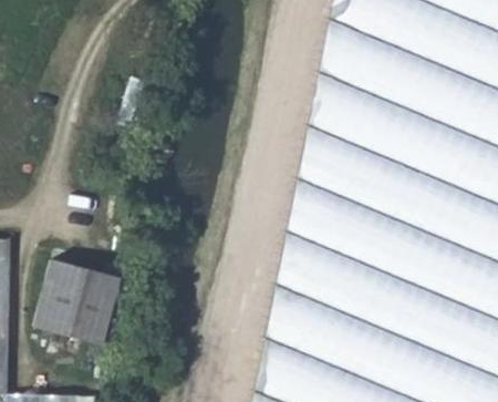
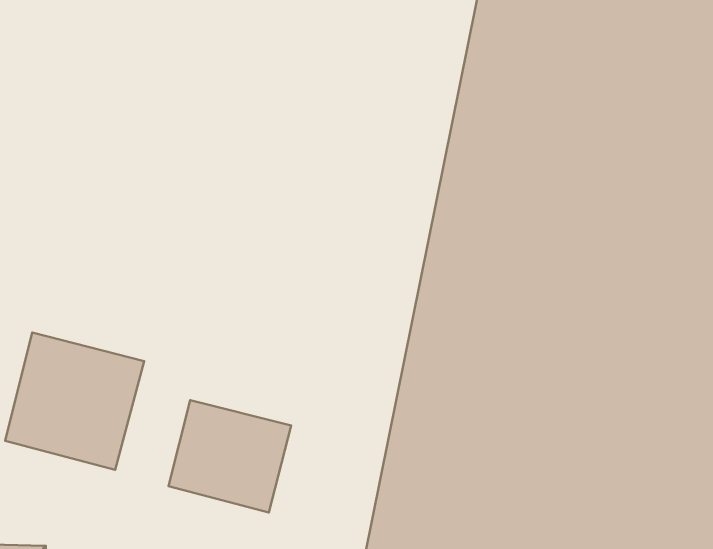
building: none -> [168,400,291,512]

